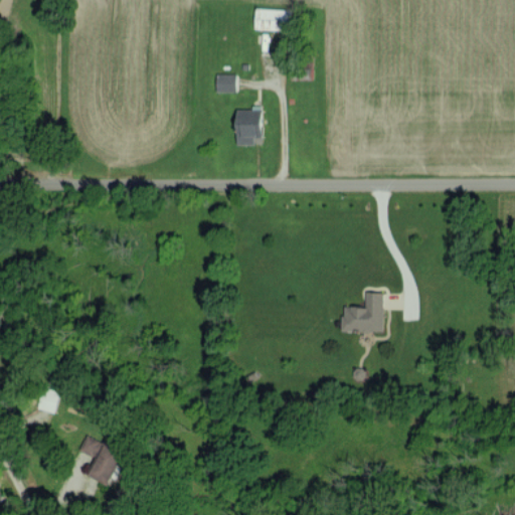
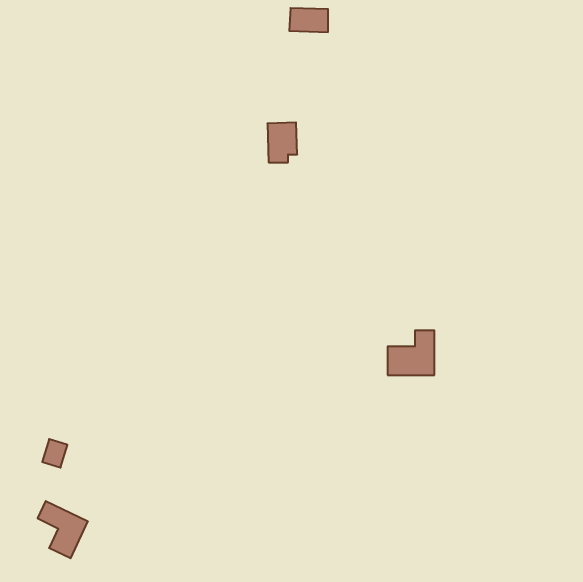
building: [215,74,235,93] -> none
building: [78,436,123,486] -> [38,501,88,558]

